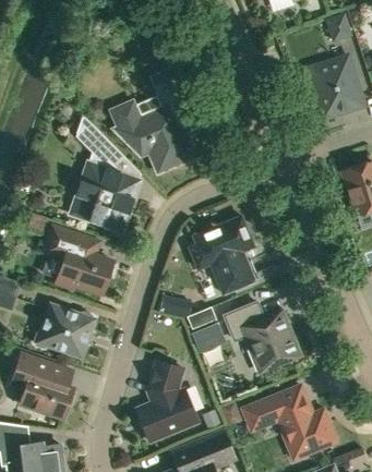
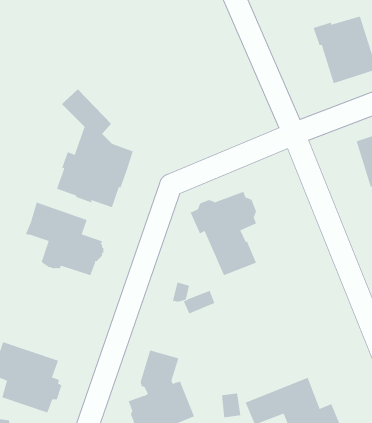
building: [111,69,195,172] -> none
building: [225,302,300,372] -> none
building: [34,303,95,356] -> none
building: [192,323,226,352] -> none

